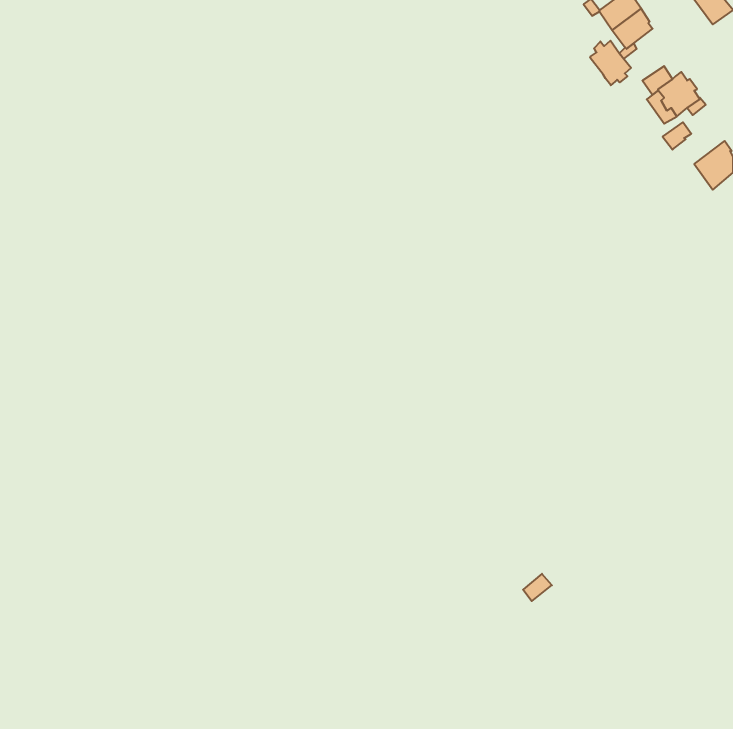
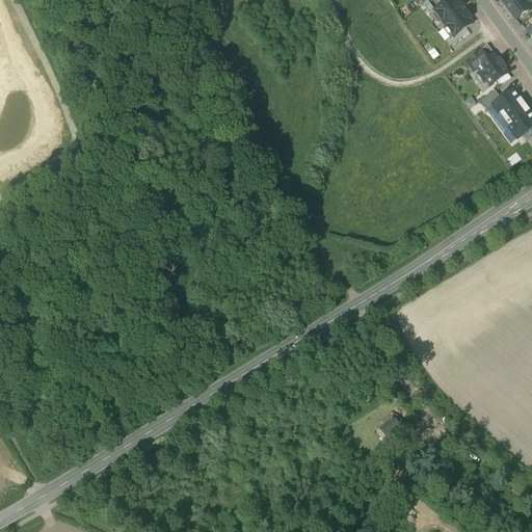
building: [590,41,631,85] -> none
building: none -> [495,87,524,118]

